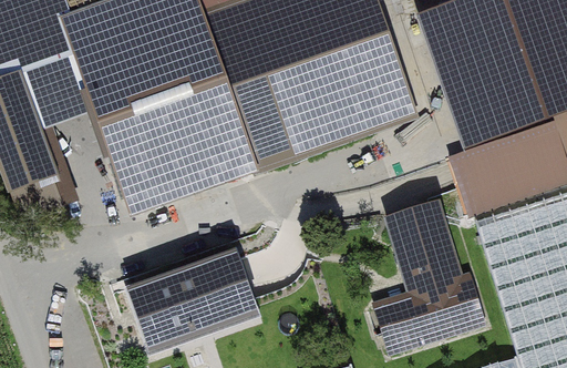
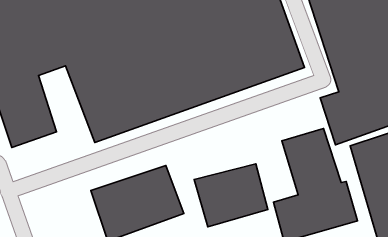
building: none -> [194,164,268,227]

